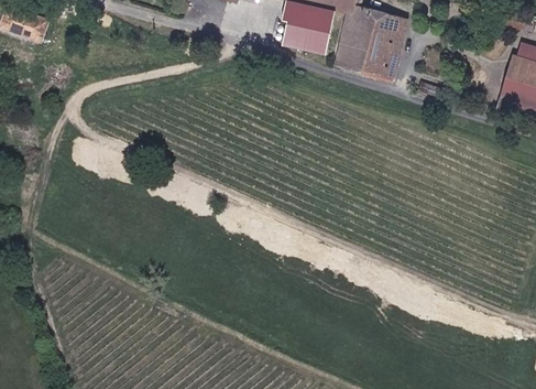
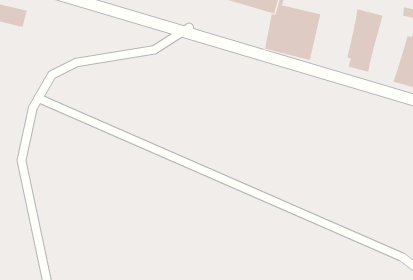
building: none -> [347,9,383,73]
building: [275,14,326,48] -> none

